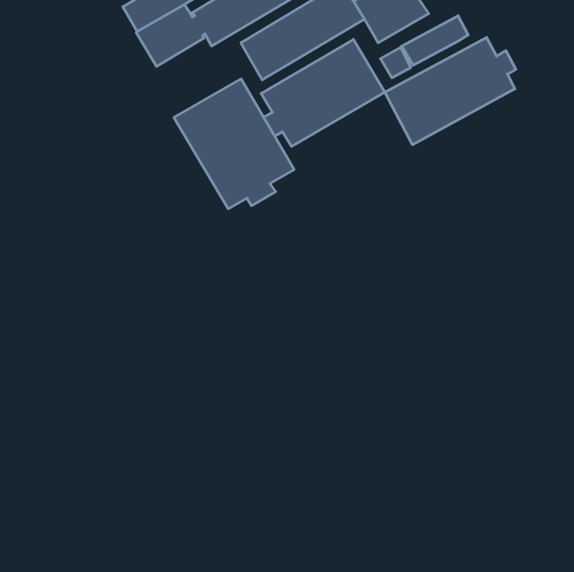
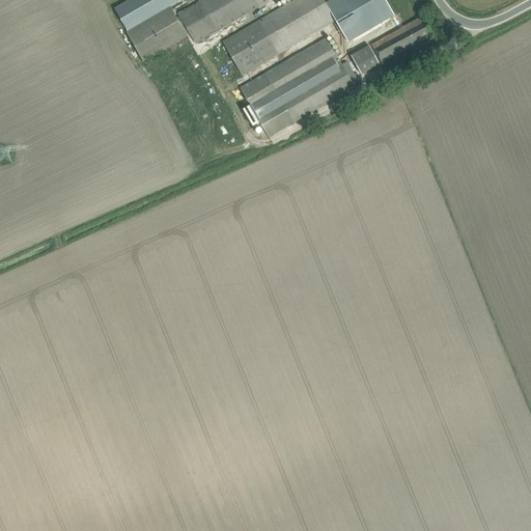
building: [385,37,516,145] -> none
building: [174,79,294,209] -> none

